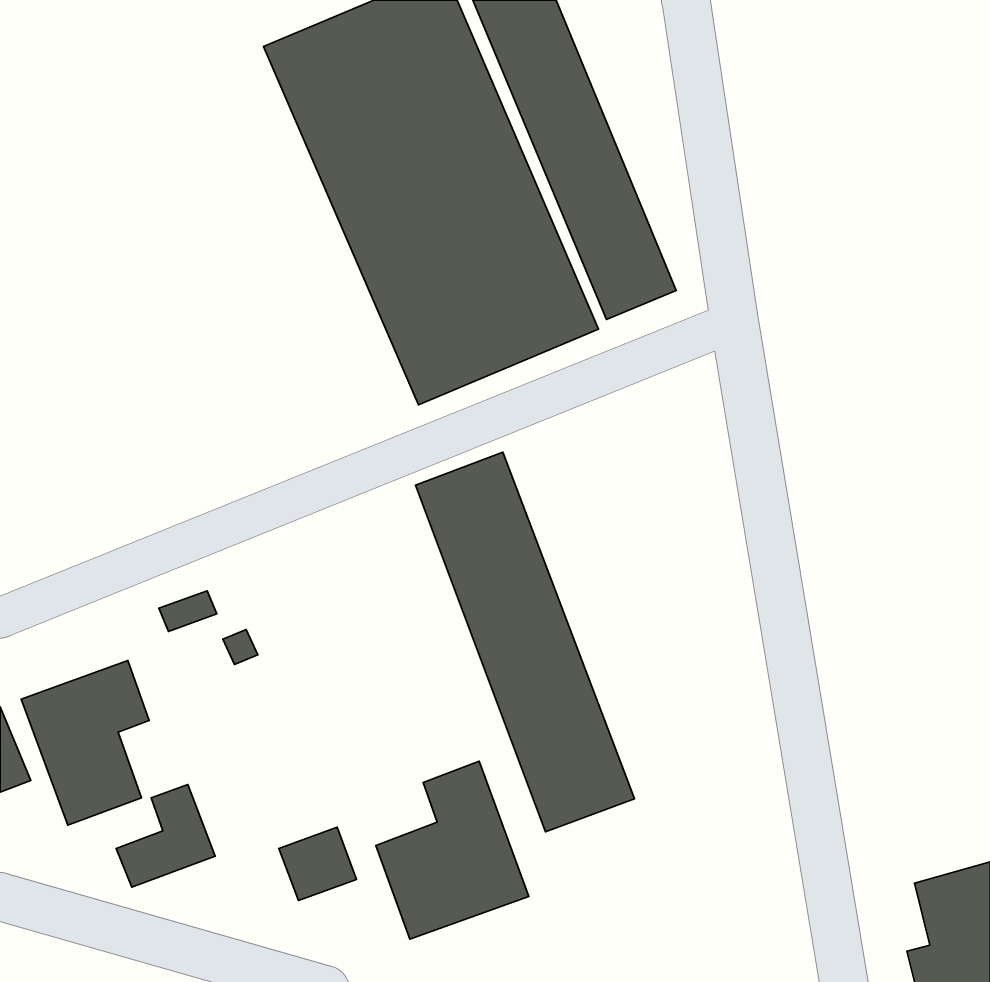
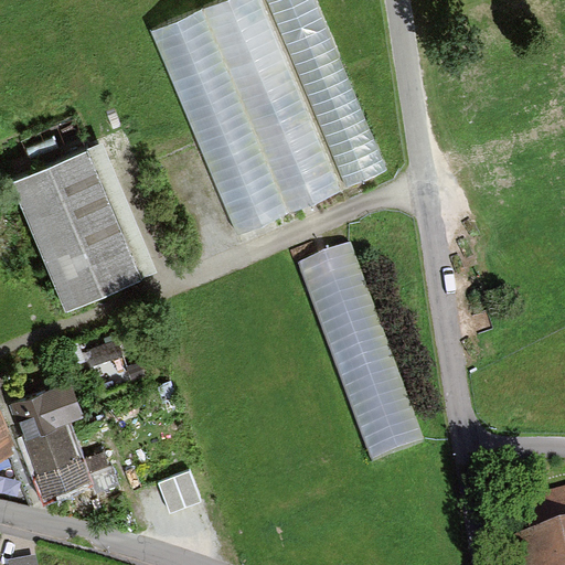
building: none -> [18,138,154,298]
building: [416,452,634,832] -> [299,248,424,465]
building: [376,761,529,939] -> none

